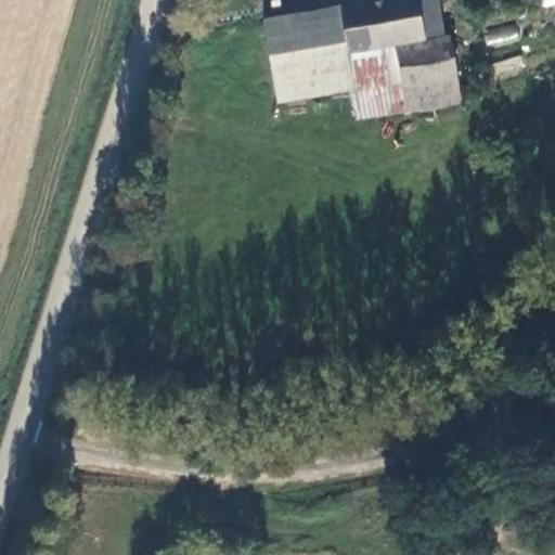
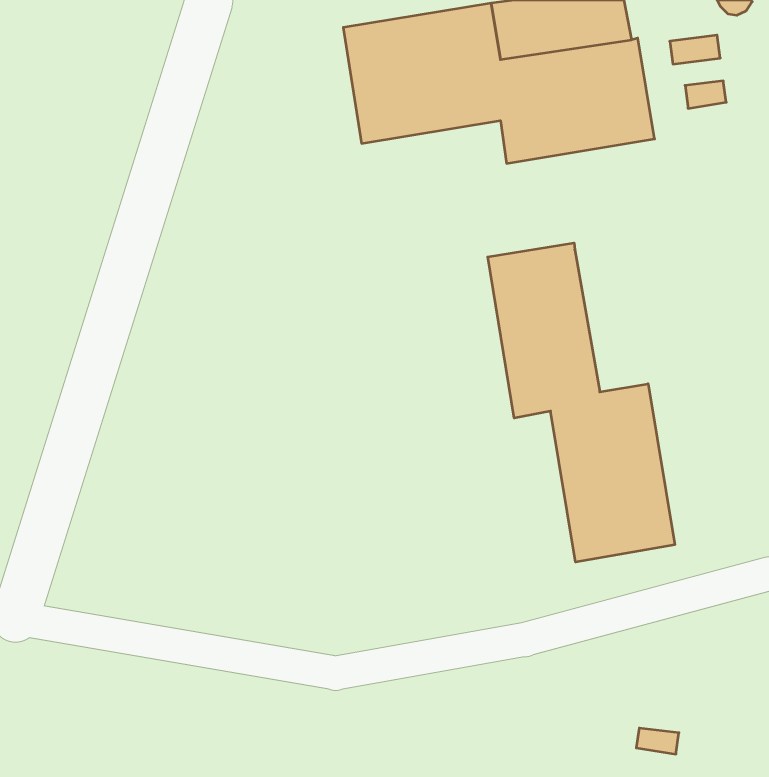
building: none -> [488,243,675,562]

